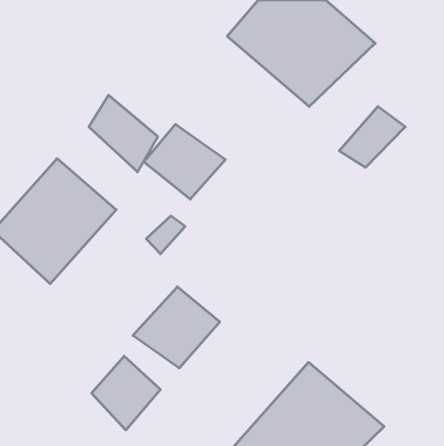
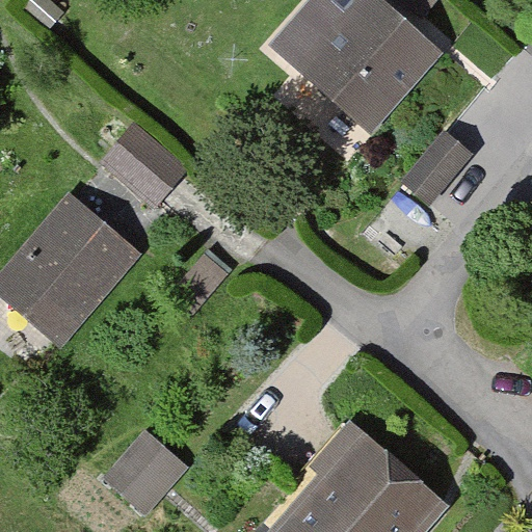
building: [144,124,225,199] -> none
building: [133,287,220,368] -> none

